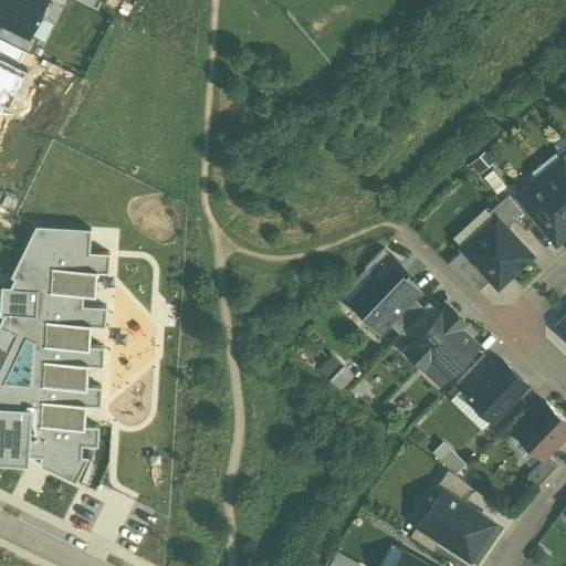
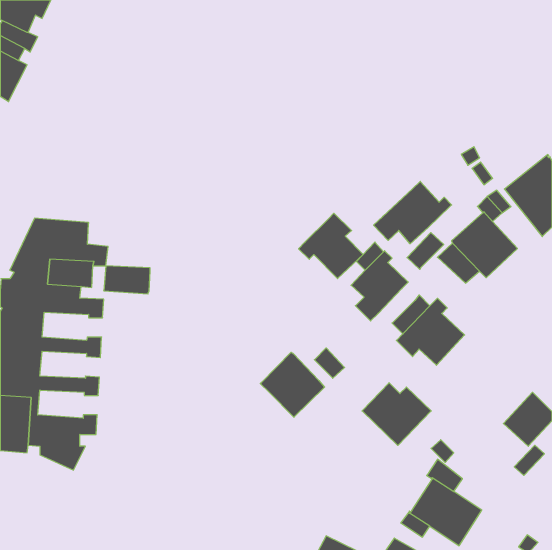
building: none -> [374,181,452,244]
building: none -> [299,213,363,279]
building: [387,297,424,335] -> [407,233,444,269]
building: [43,322,91,350] -> [104,266,150,294]
building: [455,356,526,420] -> [362,383,431,445]
building: [41,361,88,389] -> none
building: none -> [260,352,325,417]
building: [39,401,86,430] -> none

